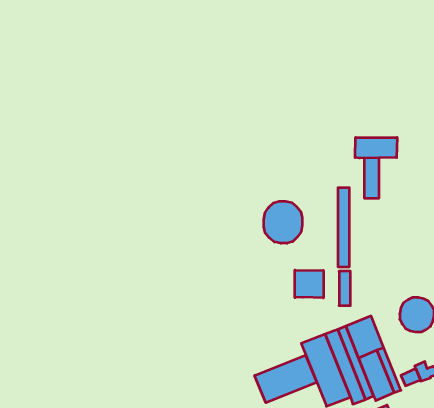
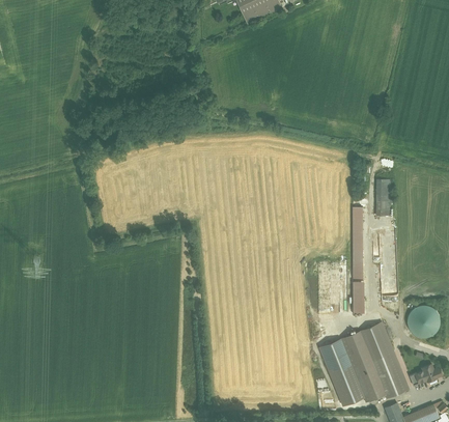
building: [355,137,397,158] -> none
building: [264,201,302,243] -> none
building: [295,270,323,298] -> none
building: [255,355,317,403] -> none

